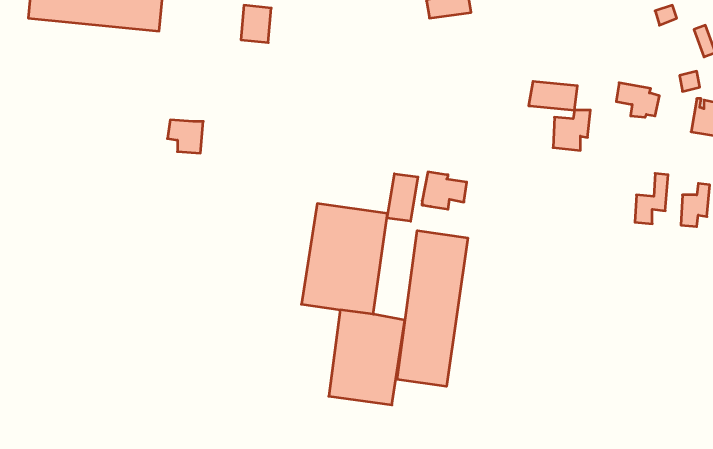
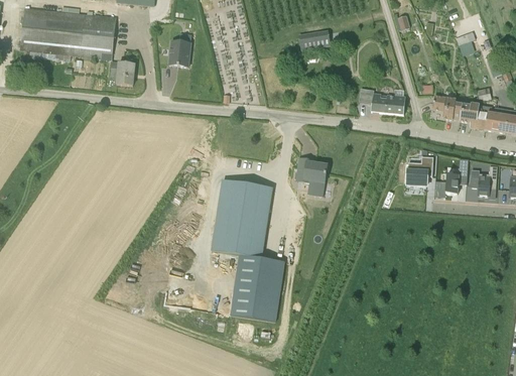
building: none -> [460,101,489,128]
building: [553,110,590,150] -> [409,157,435,185]
building: [167,120,203,153] -> [110,60,135,84]
building: [387,174,418,221] -> none
building: [397,231,468,386] -> none

